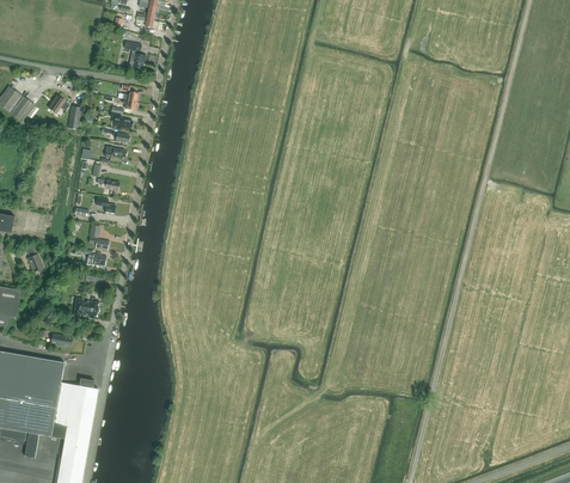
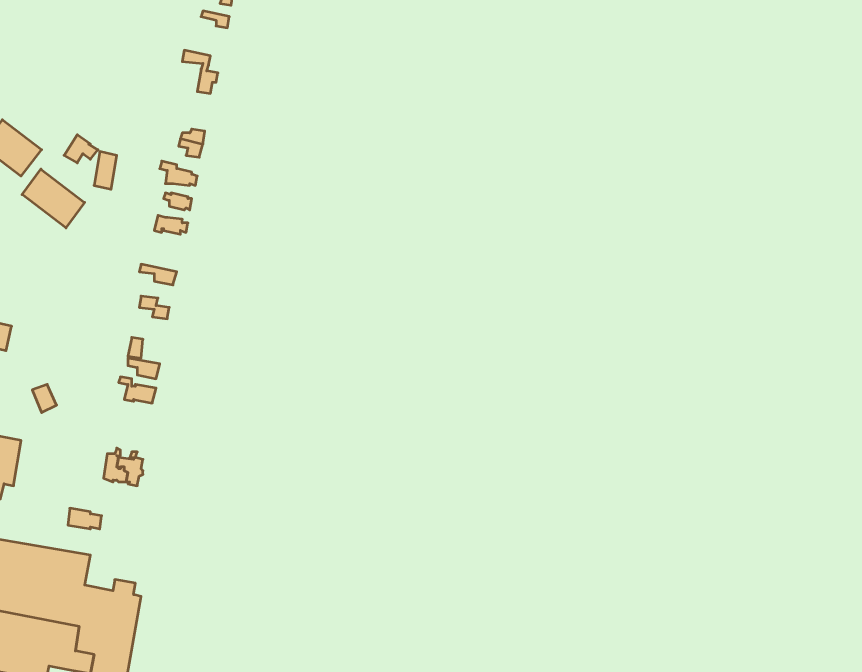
building: none -> [22,169,85,228]

